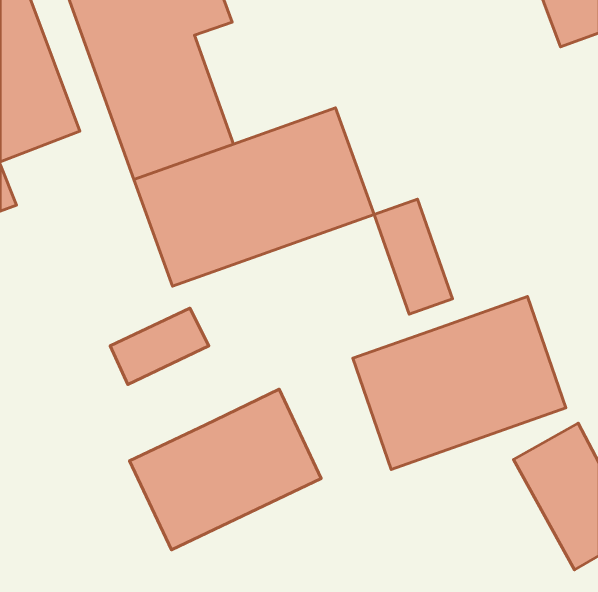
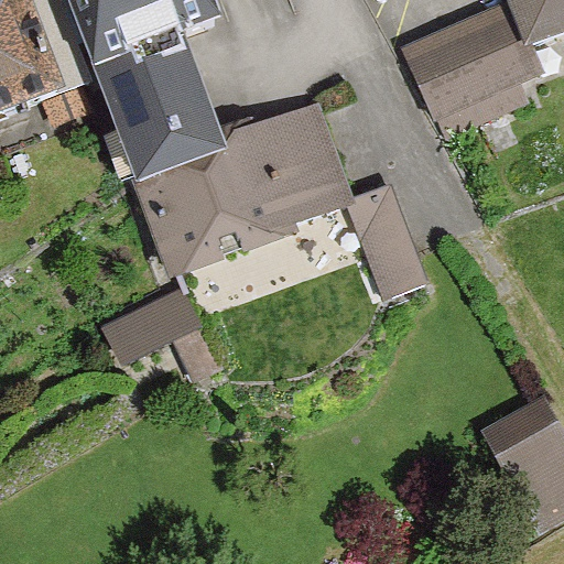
building: none -> [403,8,525,115]
building: [353,297,566,470] -> none
building: [130,389,321,550] -> none

